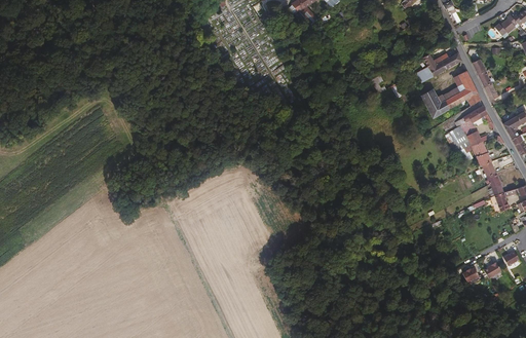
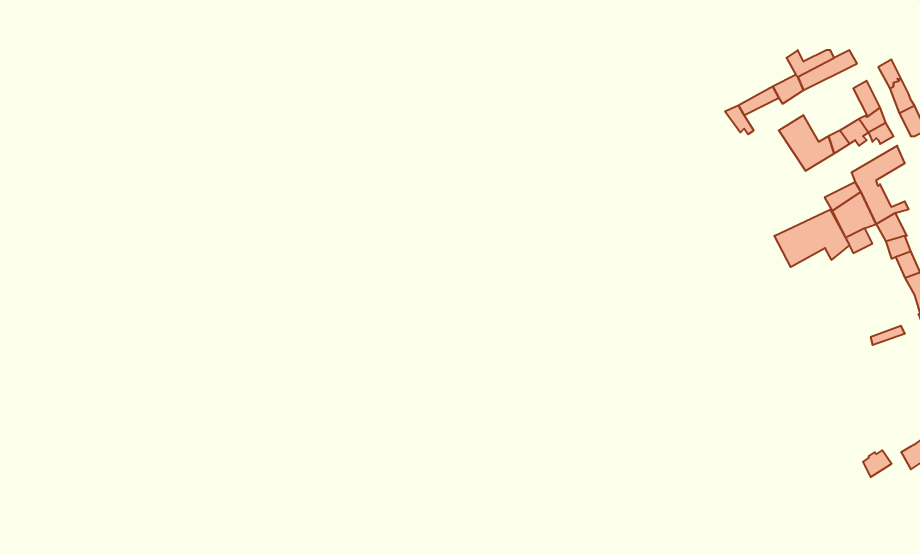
building: none -> [774,209,849,267]

